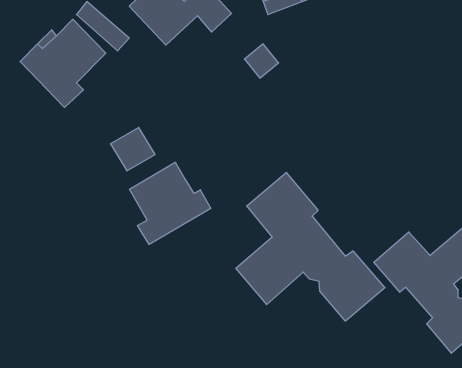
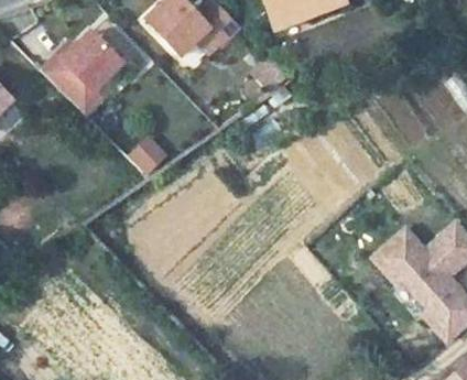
building: [130,162,211,244] -> none
building: [236,172,385,321] -> none

